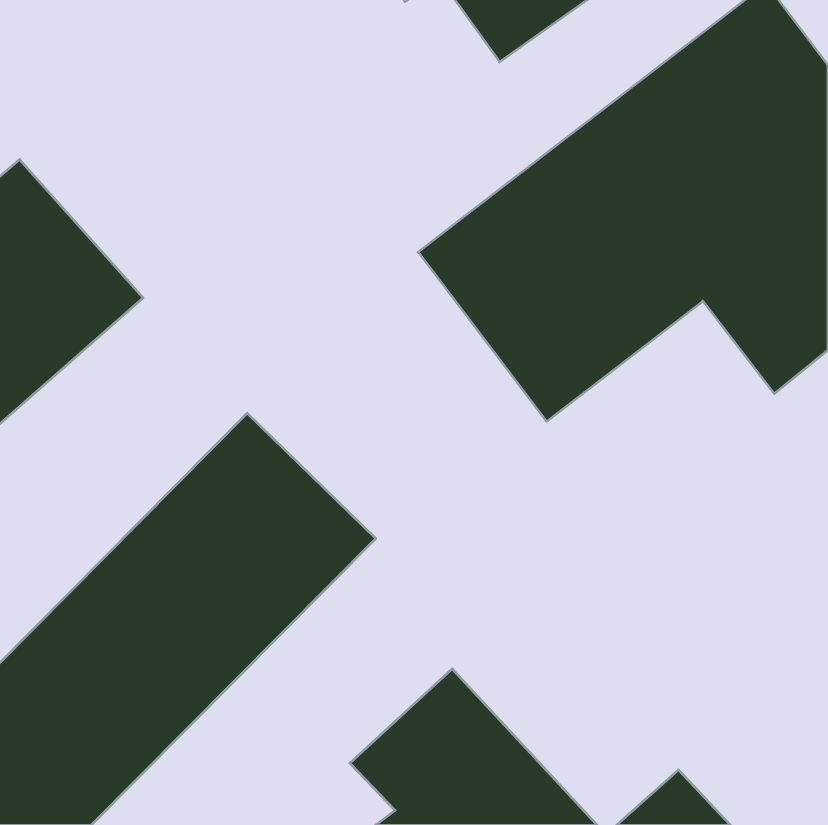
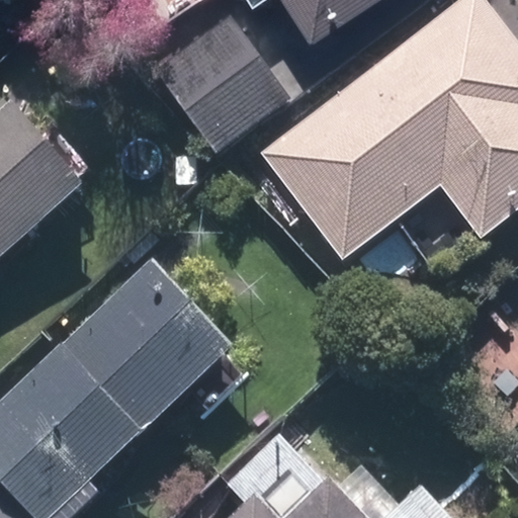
building: none -> [152,14,292,157]

